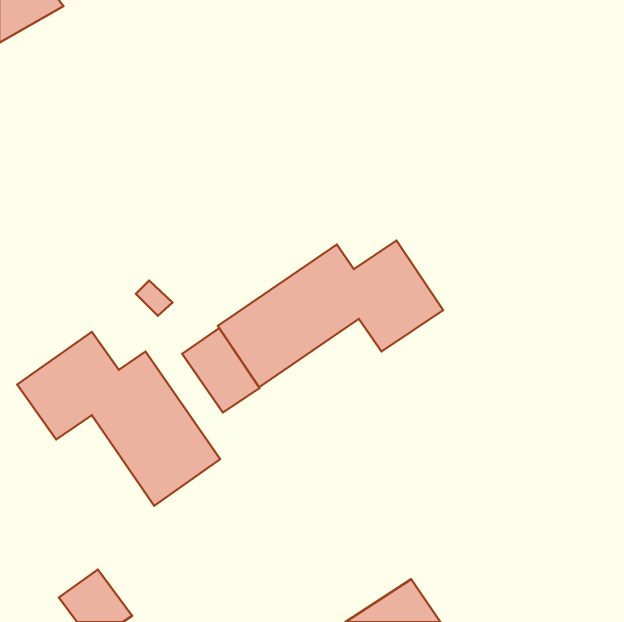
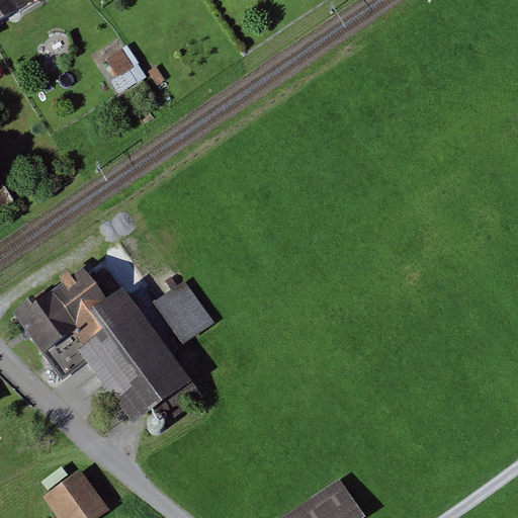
building: none -> [105,46,143,89]
building: [218,241,443,387] -> none

